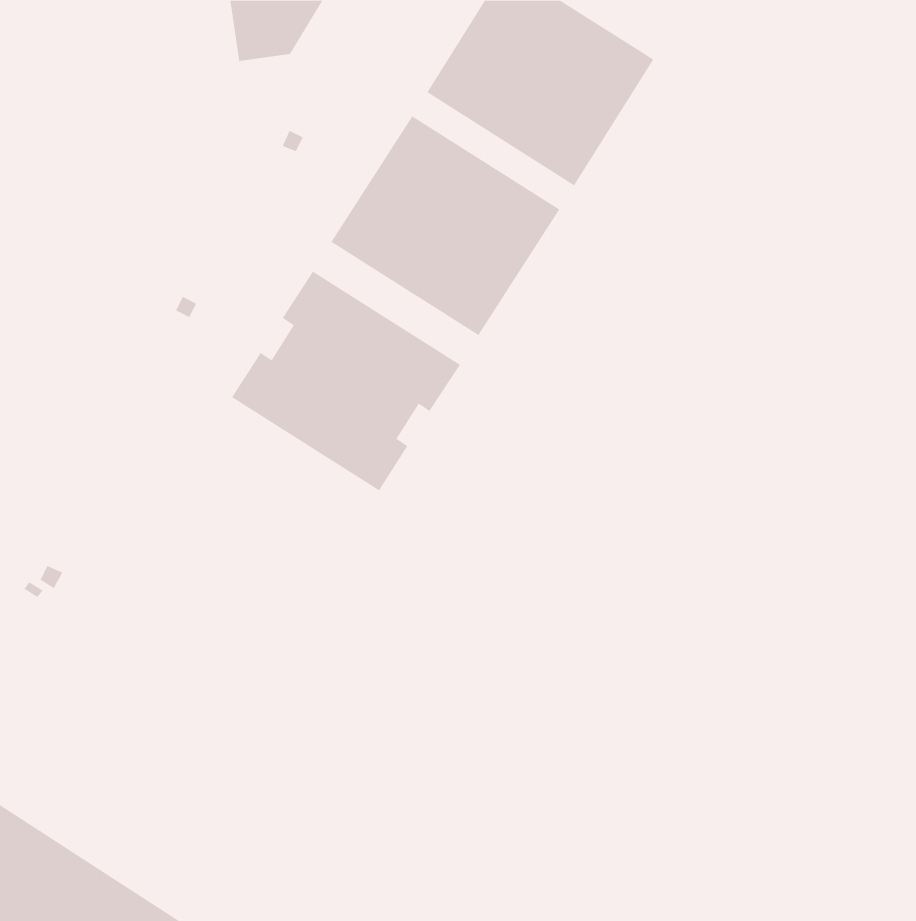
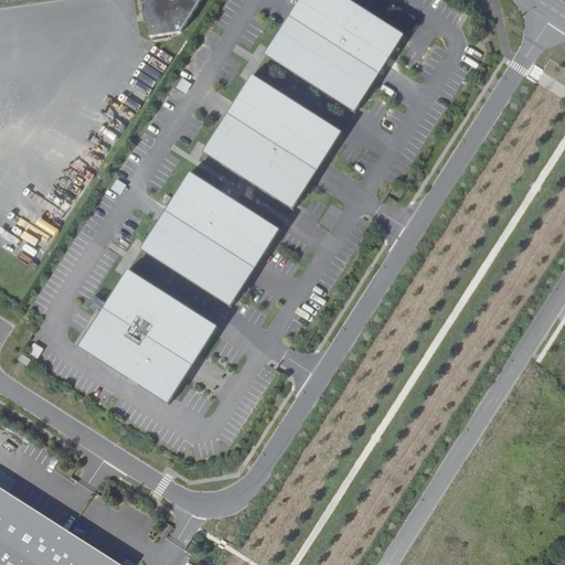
building: none -> [78,265,218,399]

